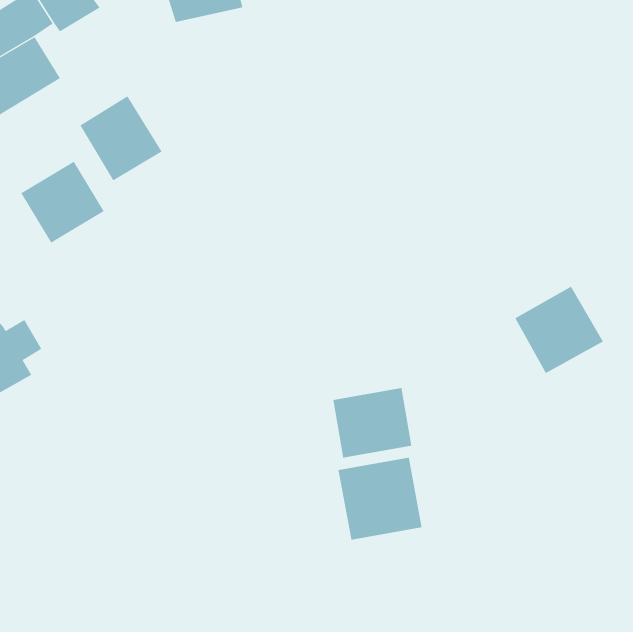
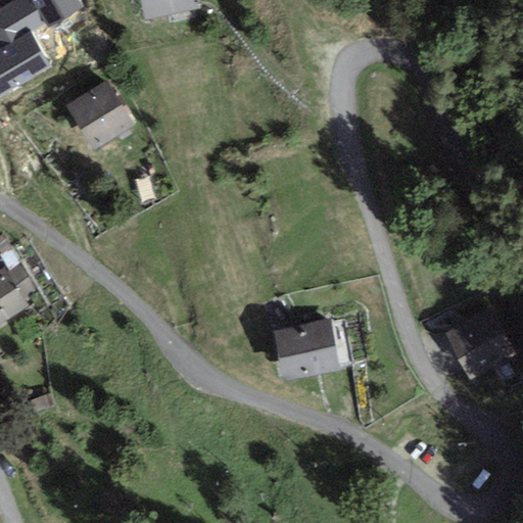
building: [20,161,105,244] -> none
building: [514,286,604,374] -> [443,304,517,377]
building: [338,457,422,540] -> none

